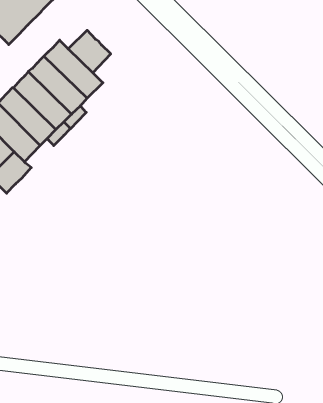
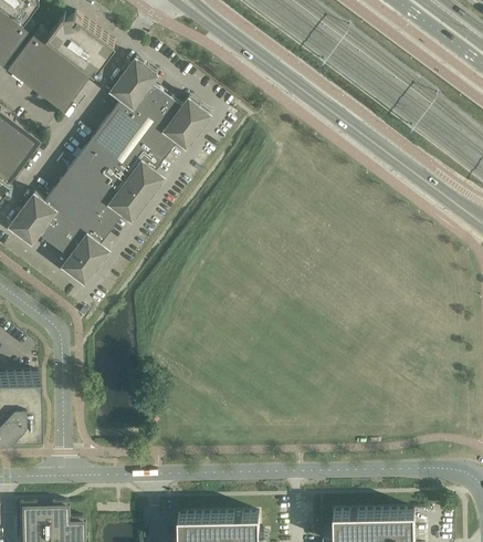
building: none -> [111,59,157,108]
building: none -> [164,98,210,148]

